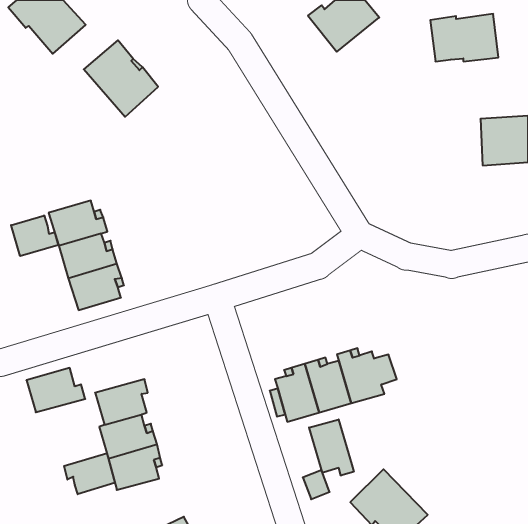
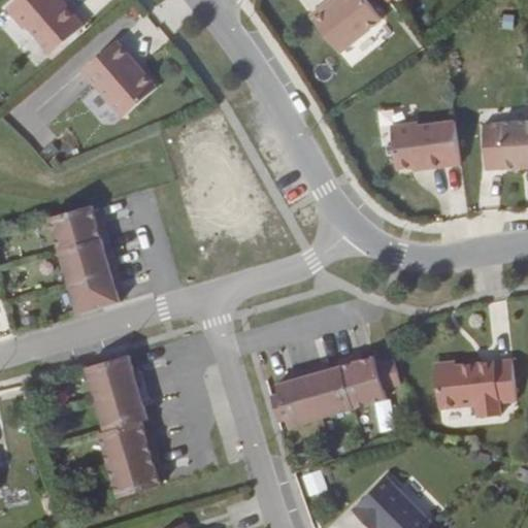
building: [430,14,498,61] -> [389,125,457,172]
building: [11,215,58,256] -> none
building: none -> [431,358,513,416]
building: [26,368,85,412] -> [86,352,144,396]
building: [309,419,354,476] -> none
building: [64,453,115,494] -> none

